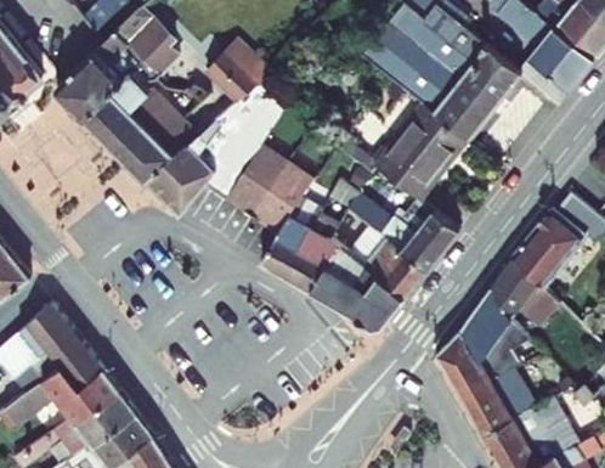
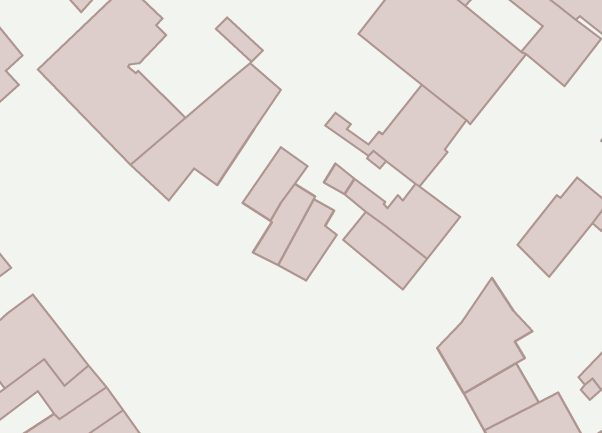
building: [204,50,259,101] -> none
building: [226,146,287,216] -> none
building: [311,247,403,328] -> none
building: [488,256,559,328] -> none

